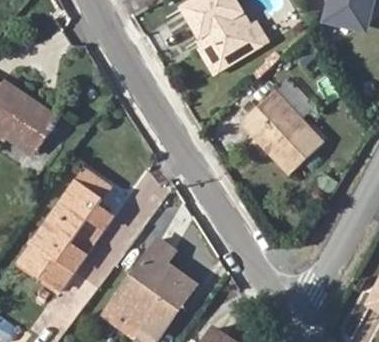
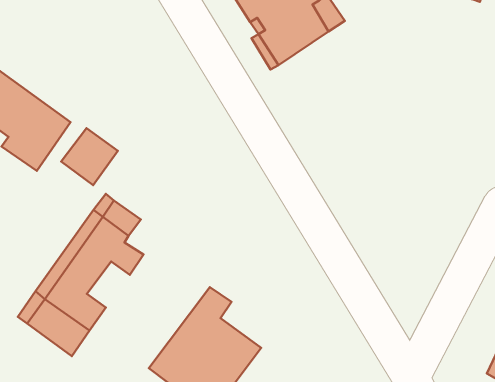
building: [240,93,322,177] -> none
building: none -> [61,128,118,185]

